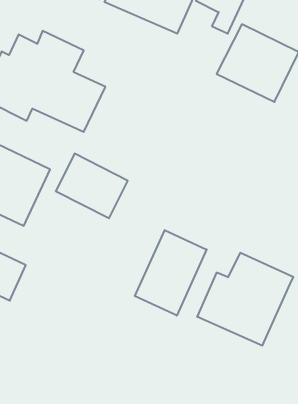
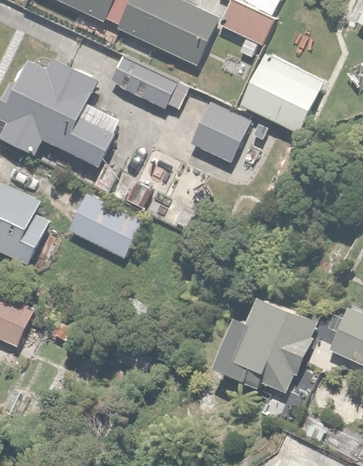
building: none -> [108,54,178,110]
building: none -> [191,103,249,163]
building: [135,230,207,316] -> none

